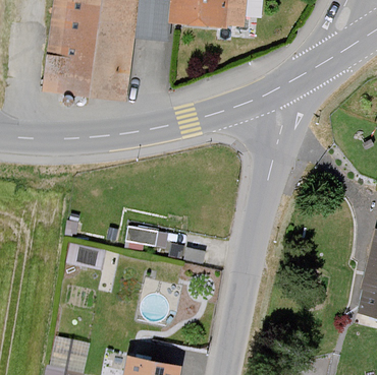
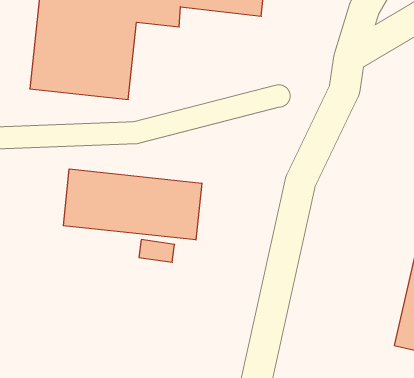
building: none -> [63,169,202,240]

